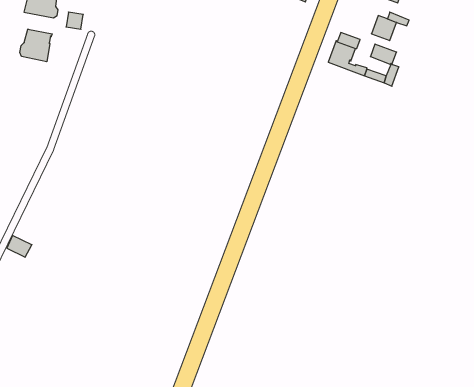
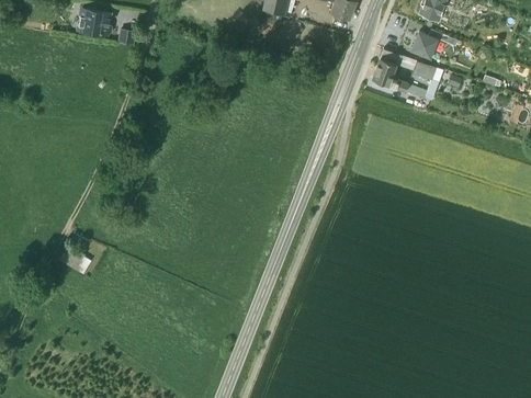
building: [20,29,52,62] -> none

